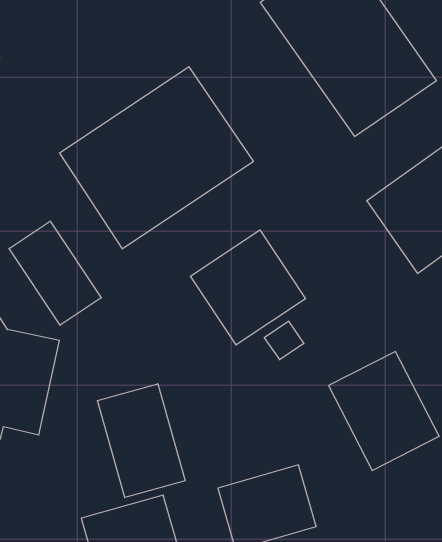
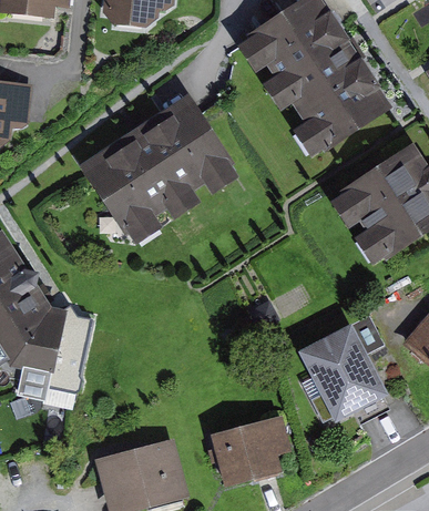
building: [9,221,101,325] -> none
building: [191,230,305,345] -> none
building: [97,384,185,498] -> none

